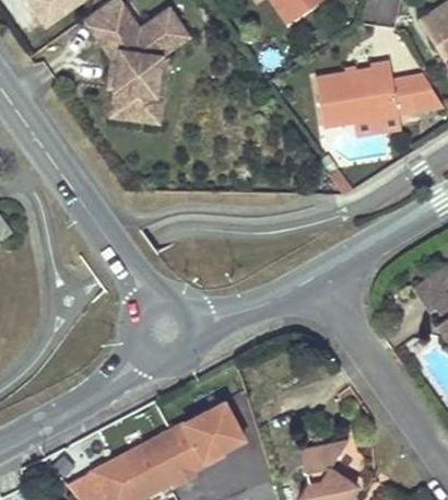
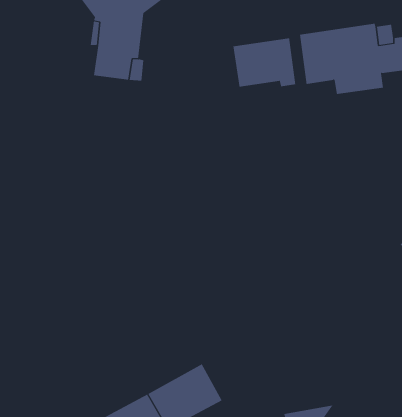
building: none -> [233,38,296,88]

